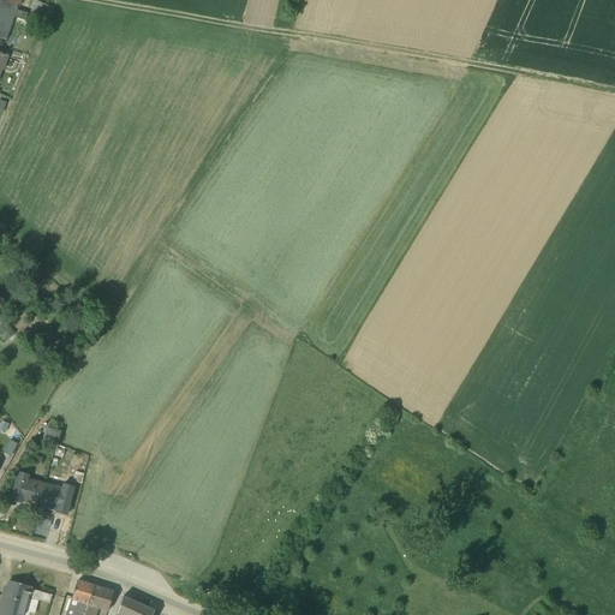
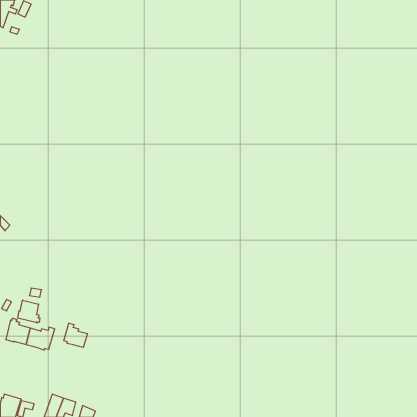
building: none -> [18,300,40,323]
building: none -> [64,323,88,347]

